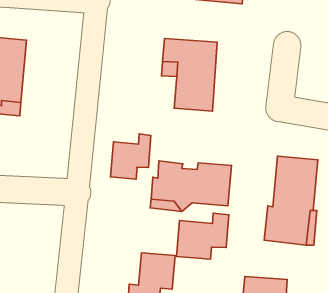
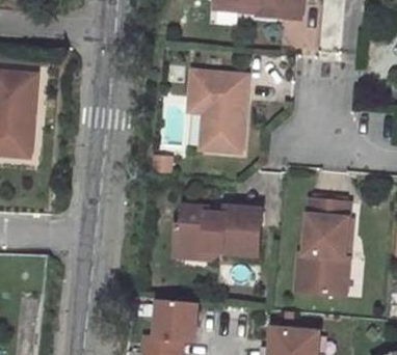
building: [111,134,151,179] -> none
building: [177,213,229,259] -> none

